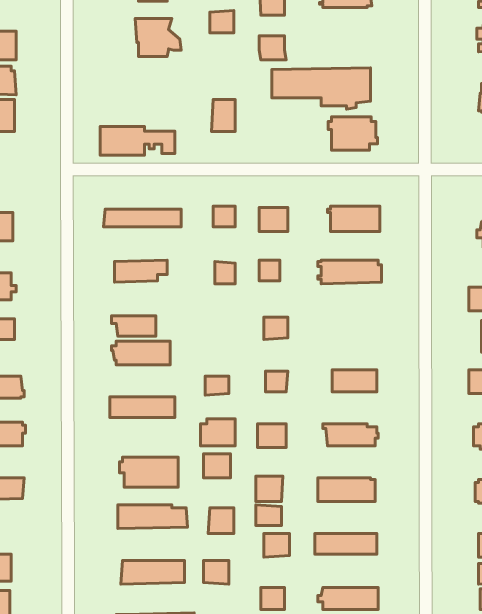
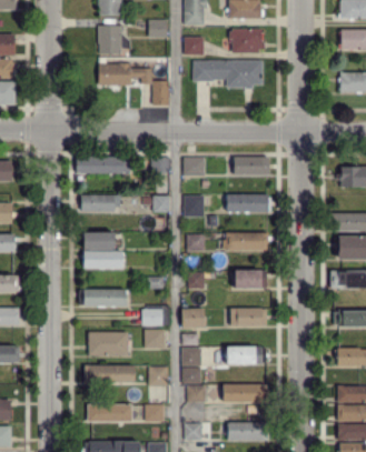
building: [328,117,378,150] -> [230,29,265,52]
building: [100,127,175,155] -> [99,64,151,84]
building: none -> [225,233,270,249]

